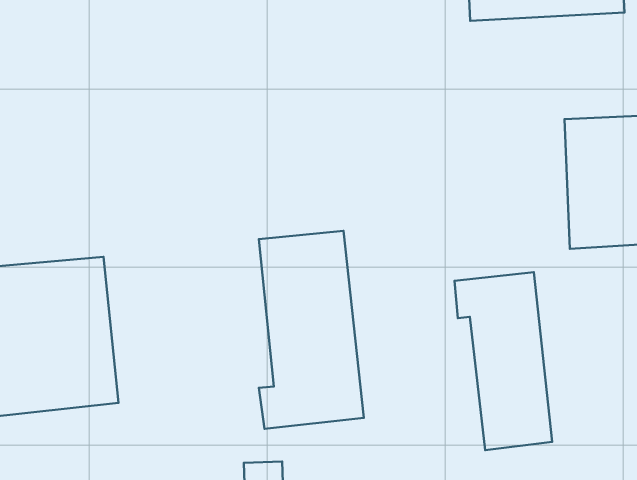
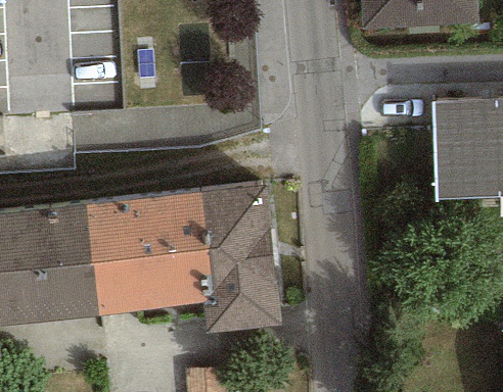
building: none -> [86,190,214,312]
building: [455,272,552,450] -> none

